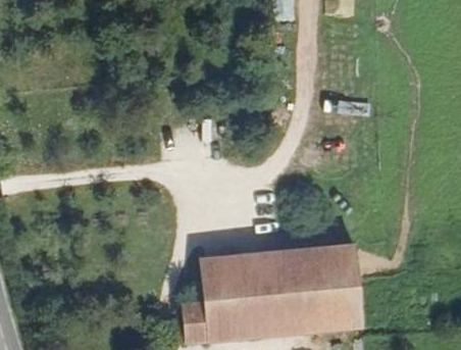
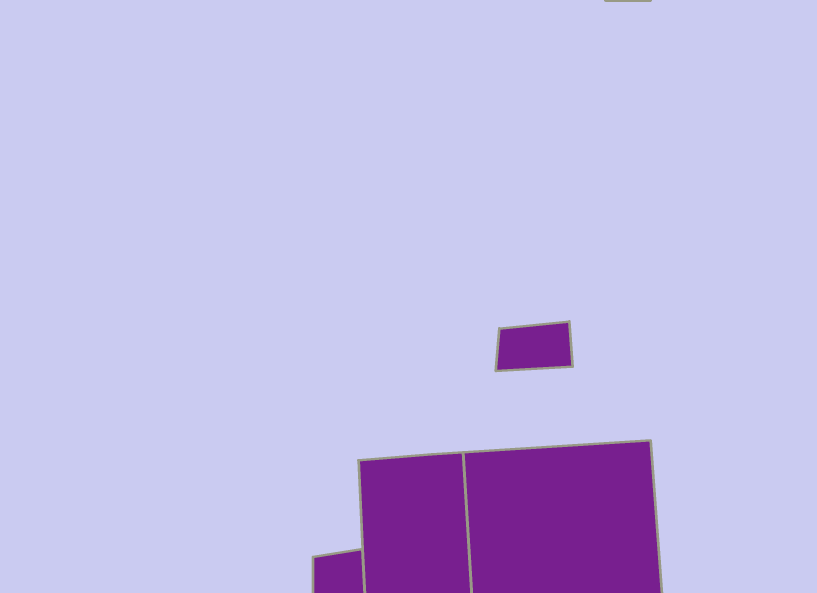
building: none -> [496,321,573,371]

